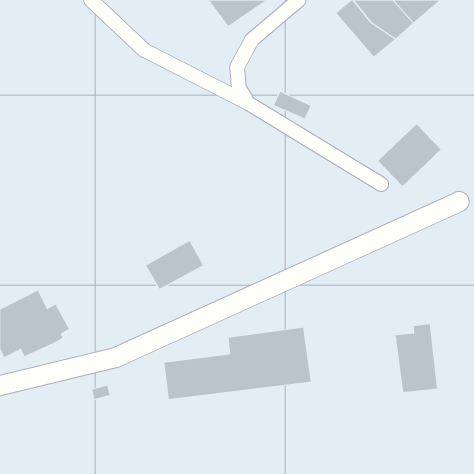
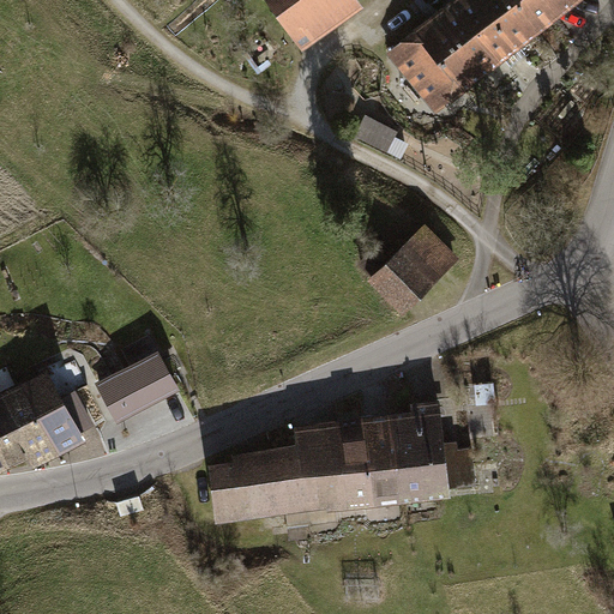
building: none -> [387,18,482,114]
building: [377,124,441,187] -> [372,229,455,311]
building: [145,240,204,290] -> [100,355,175,419]
building: [394,324,438,393] -> [391,405,447,494]

